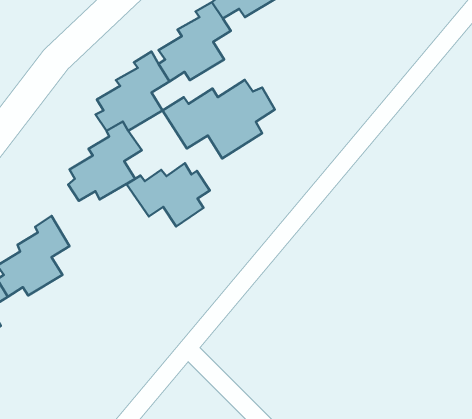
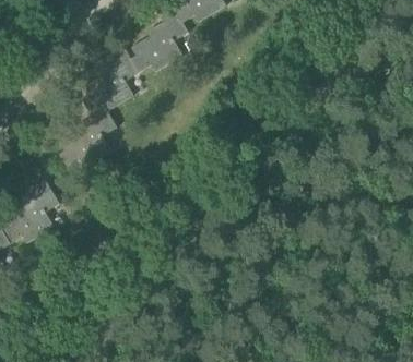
building: [163,80,275,158] -> none
building: [127,163,210,227] -> none

